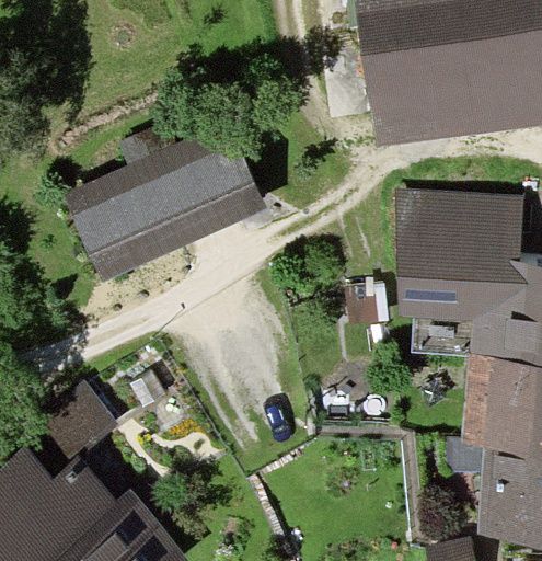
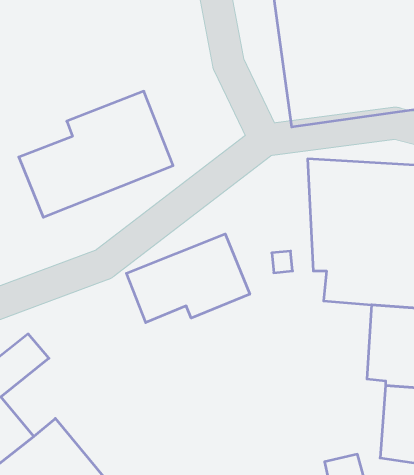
building: none -> [126,234,250,323]

